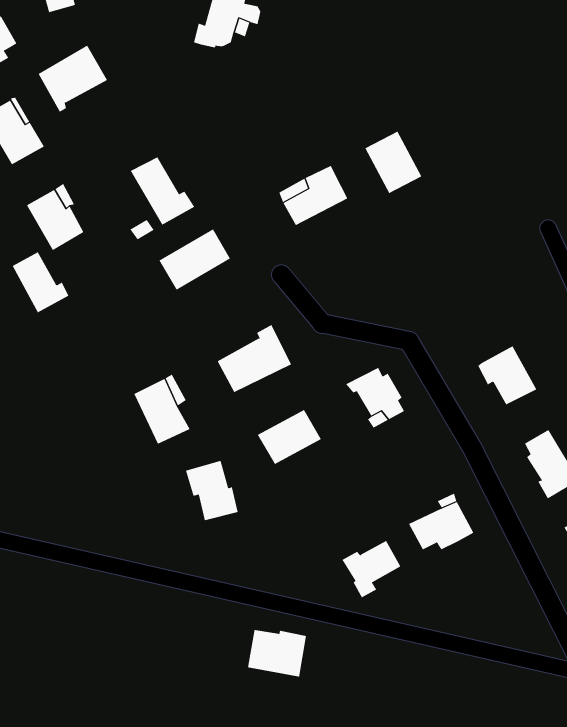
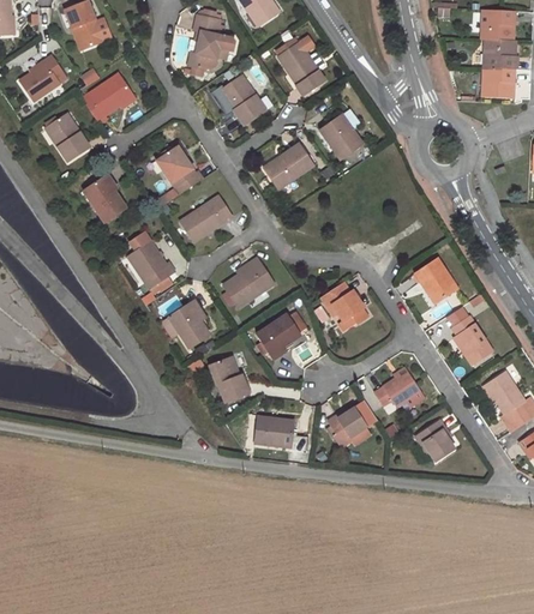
building: none -> [278,44,323,95]
building: none -> [220,74,266,126]
building: [12,251,69,313] -> [130,243,173,288]
building: none -> [416,422,458,469]
building: [247,630,307,677] -> [256,417,296,450]

